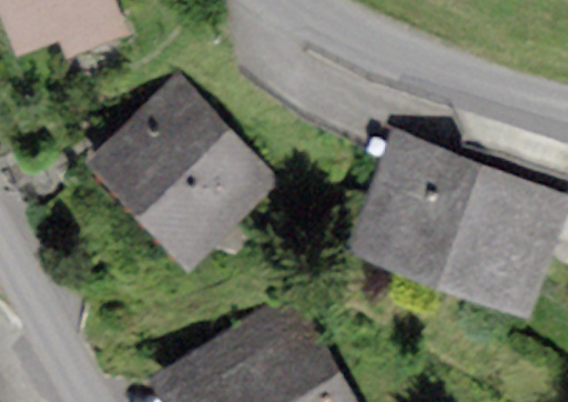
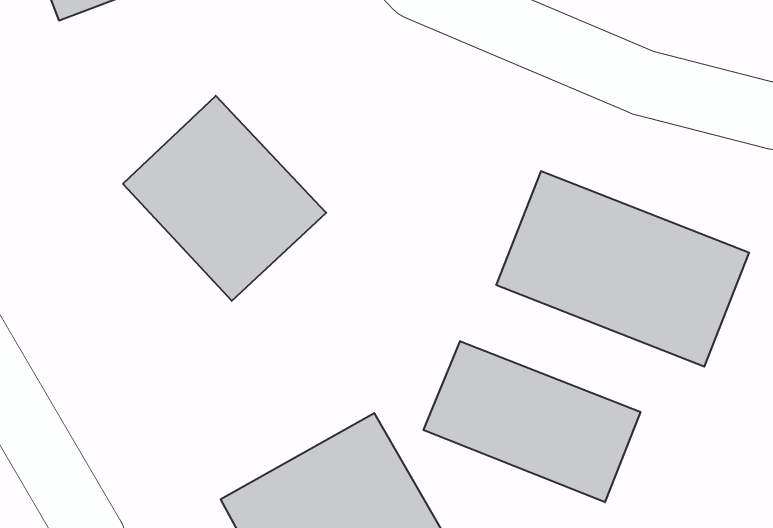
building: none -> [424,341,640,502]

